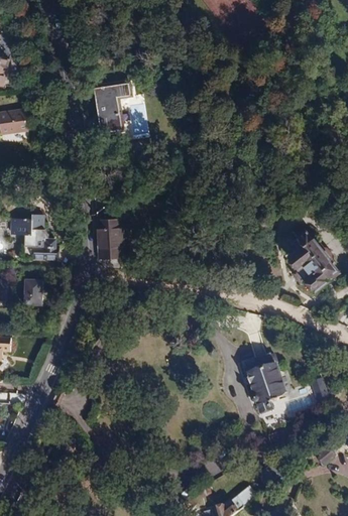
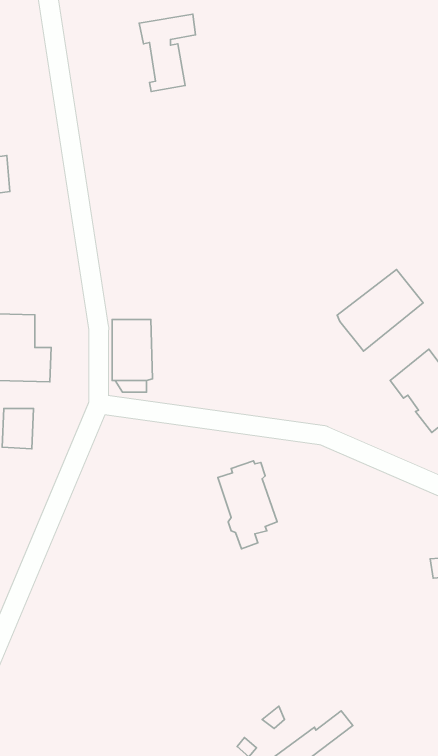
building: [90,82,128,134] -> [139,14,196,91]
building: none -> [337,269,423,351]
building: [249,352,289,411] -> [218,461,277,549]

